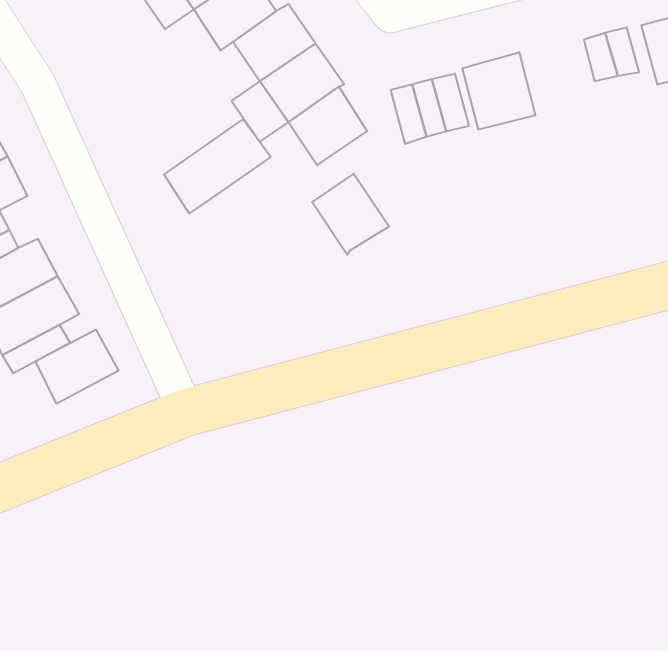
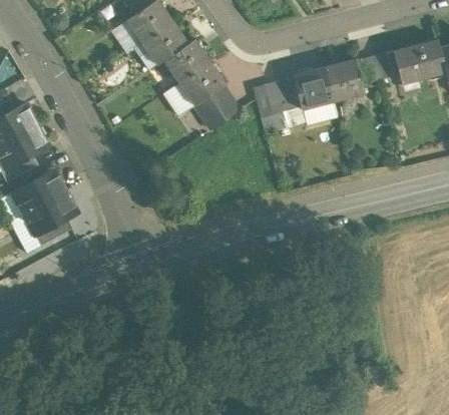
building: none -> [324,58,364,101]
building: [164,119,271,213] -> none
building: [312,174,389,255] -> none
building: [36,329,118,404] -> none

